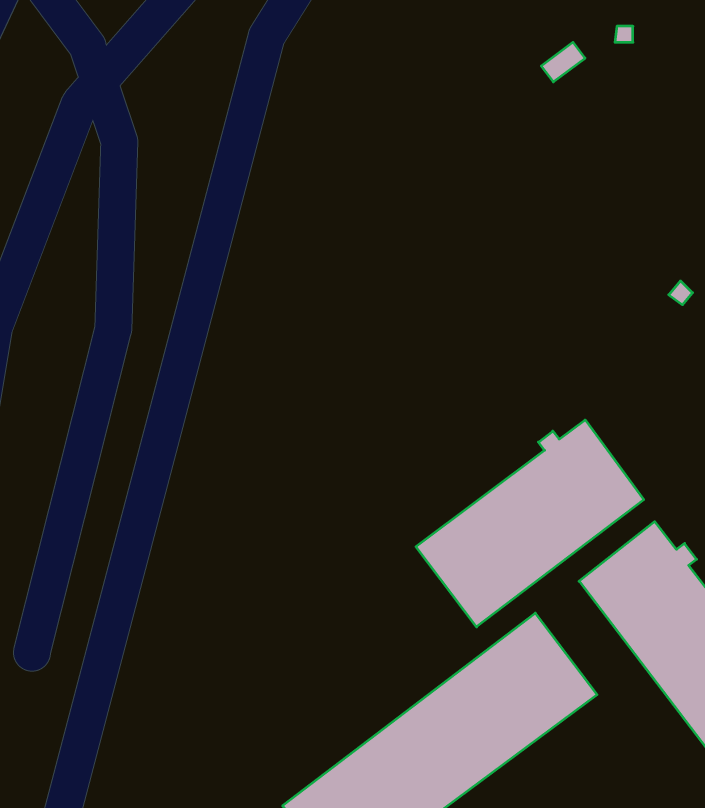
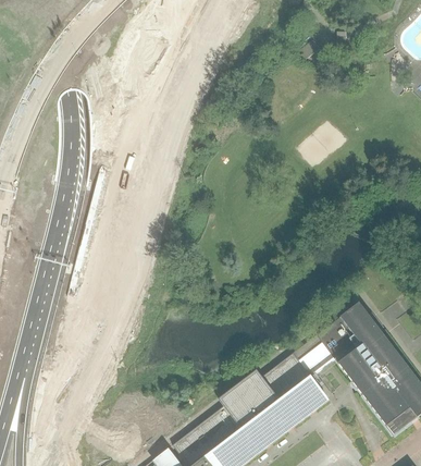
building: [416,420,644,627] -> none

